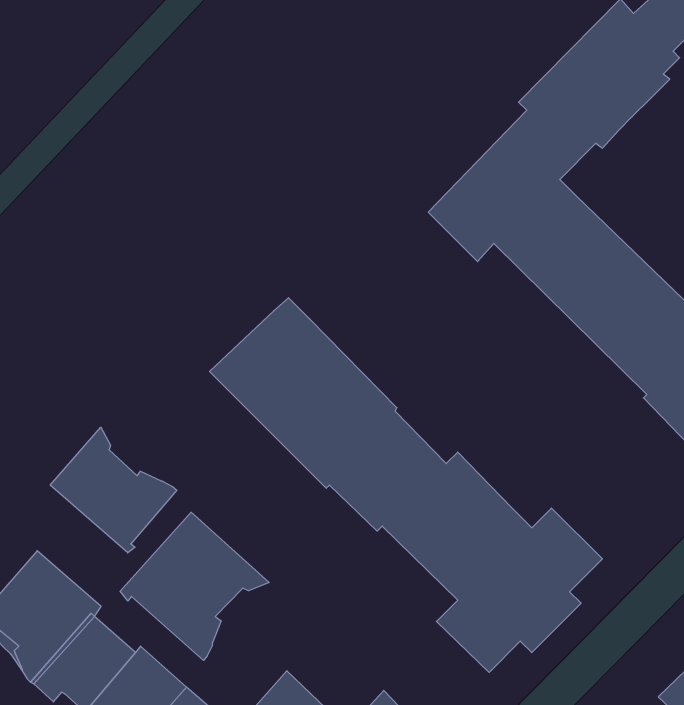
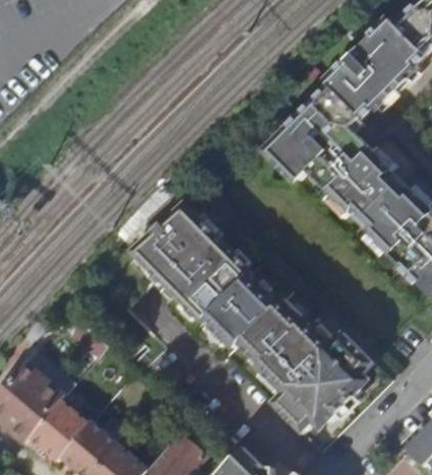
building: [50,427,177,553] -> none
building: [120,512,269,660] -> none

